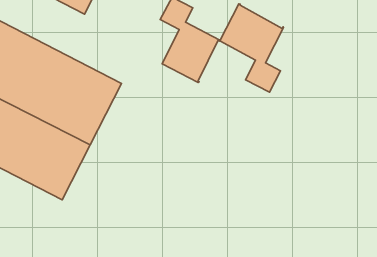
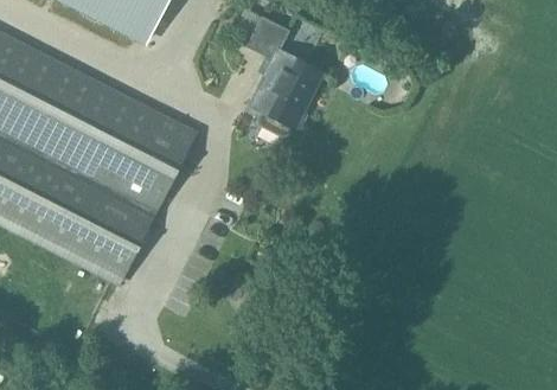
building: [220,4,284,92] -> none

